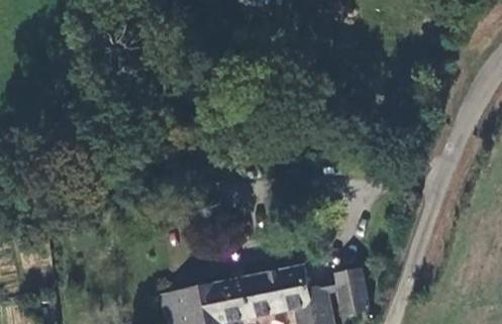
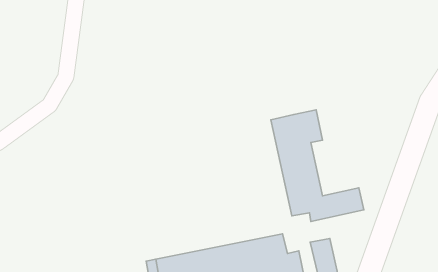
building: none -> [271,110,364,221]

